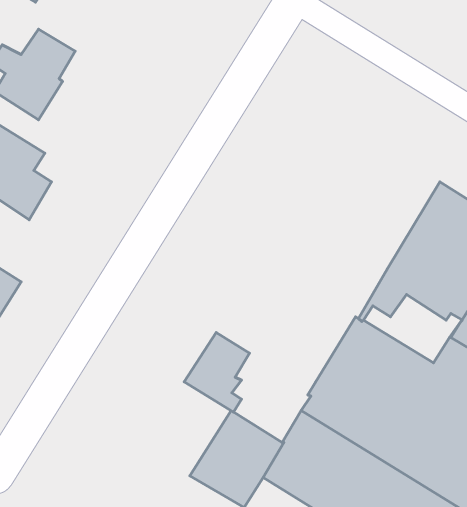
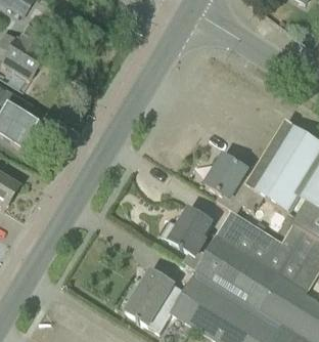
building: none -> [204,154,252,210]
building: [184,333,249,412] -> [169,208,211,259]

